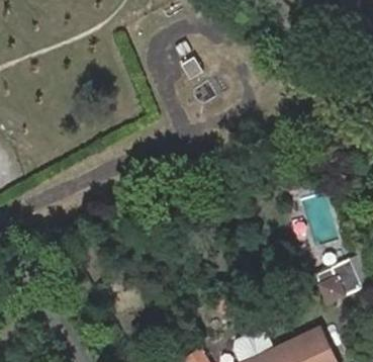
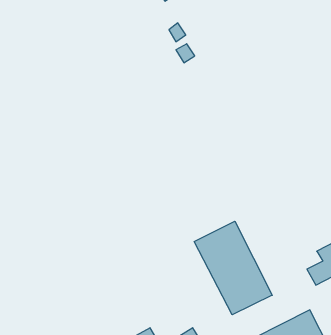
building: none -> [194,221,272,315]

